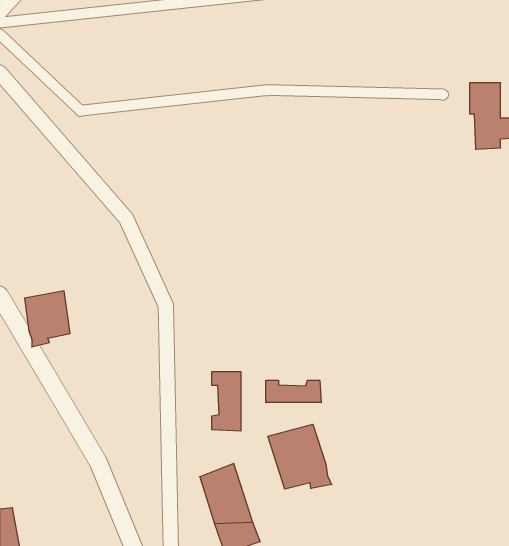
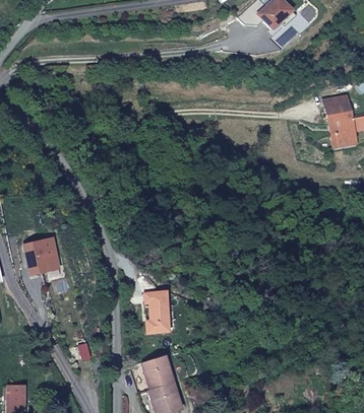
building: [266,380,321,403] -> none
building: [268,424,332,489] -> none

